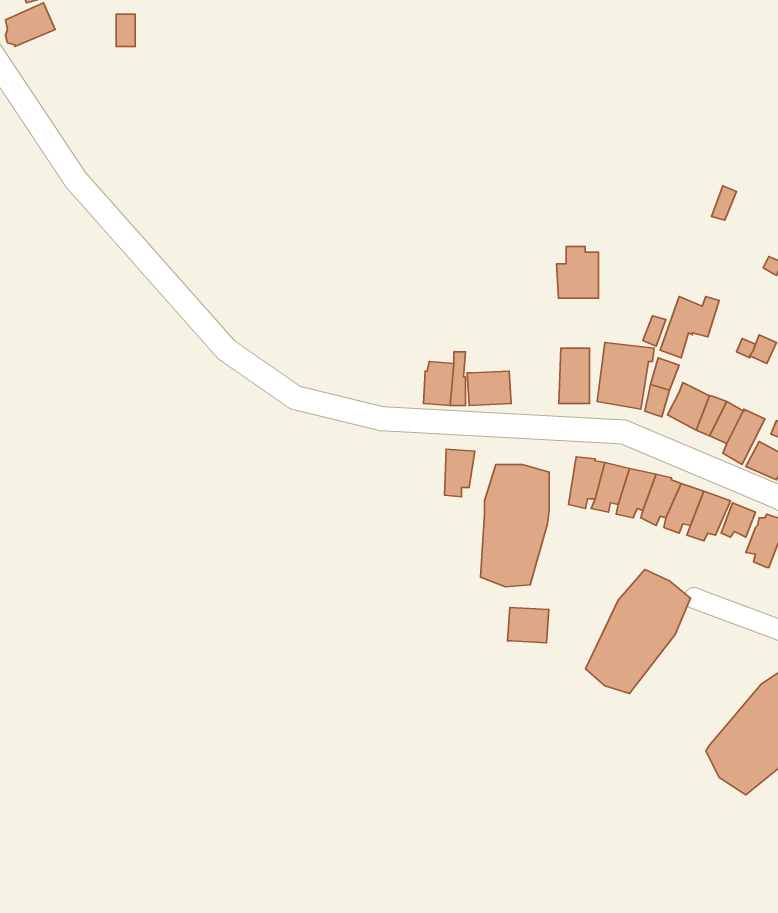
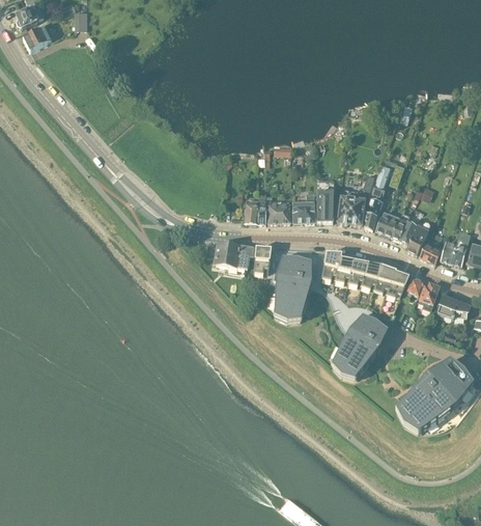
building: none -> [23,23,51,49]
building: [557,247,599,298] -> [291,193,314,221]
building: none -> [215,242,253,271]
building: [508,608,549,643] -> none

